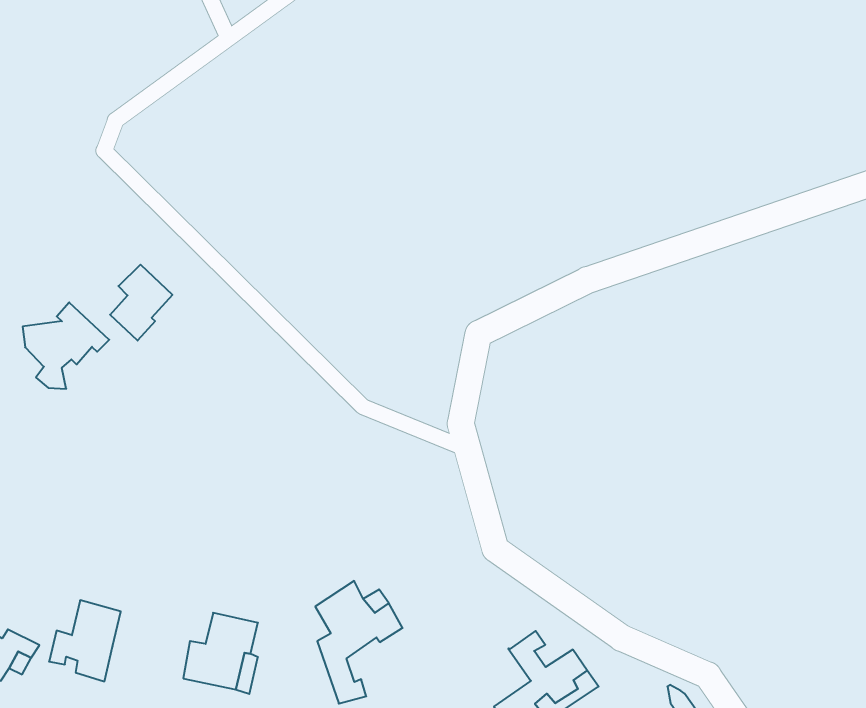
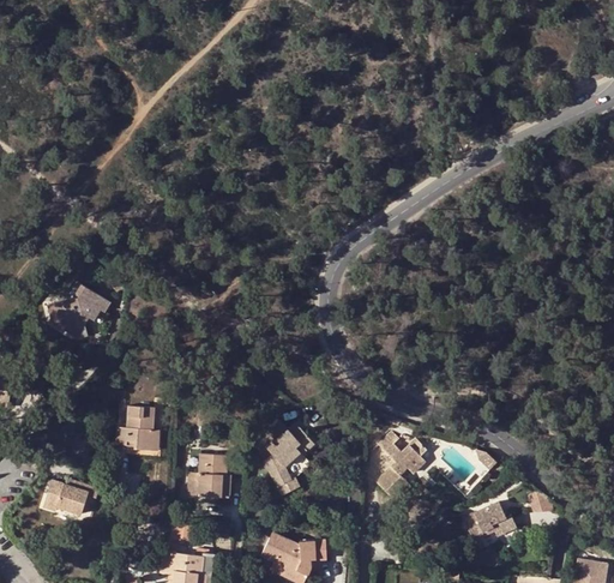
building: [110,265,172,341] -> none
building: [49,600,121,681] -> [116,405,154,451]

